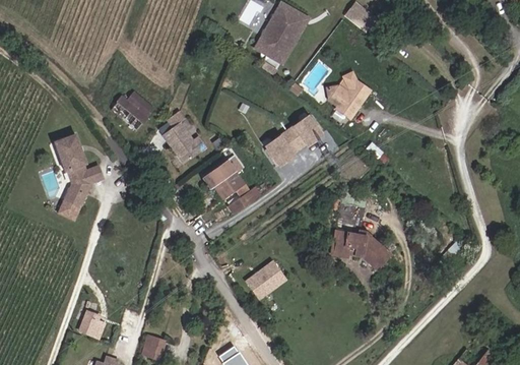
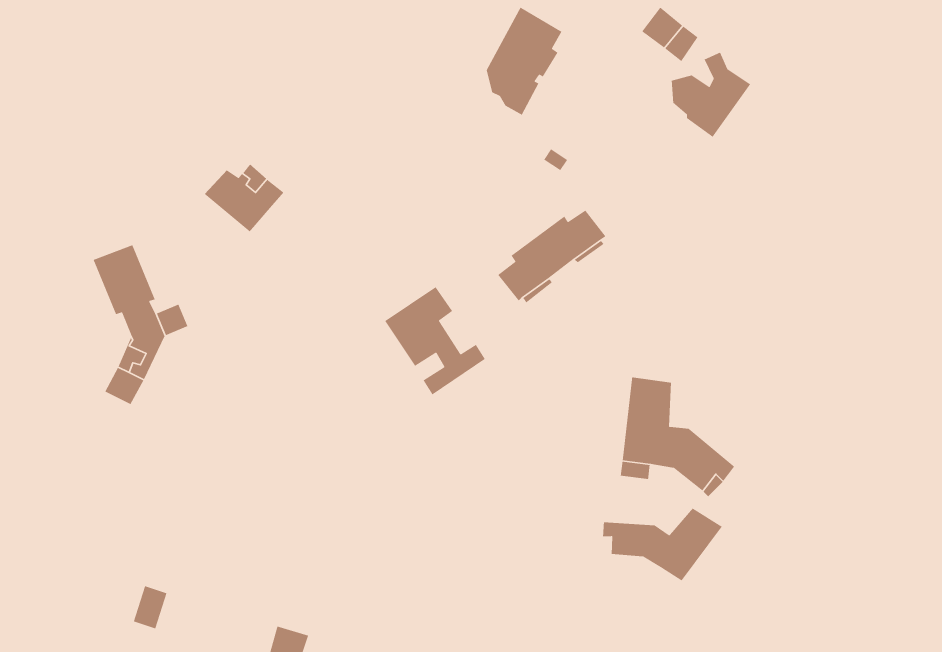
building: [329,71,372,117] -> [671,52,751,138]
building: [165,109,208,158] -> none
building: [246,259,289,301] -> none
building: none -> [602,507,723,582]

